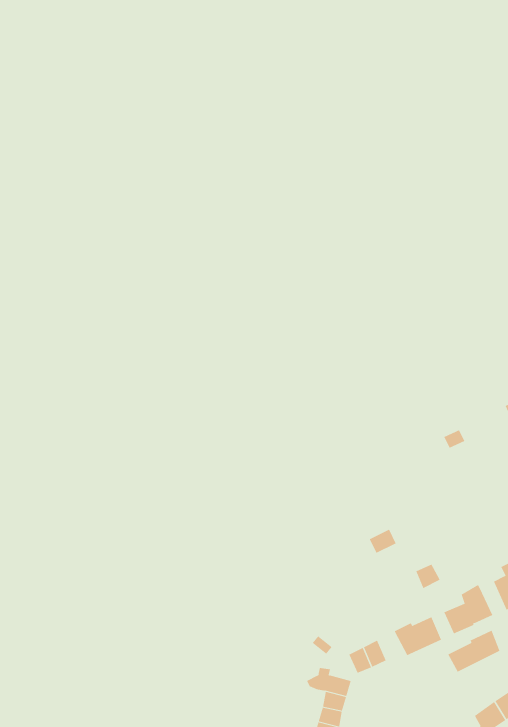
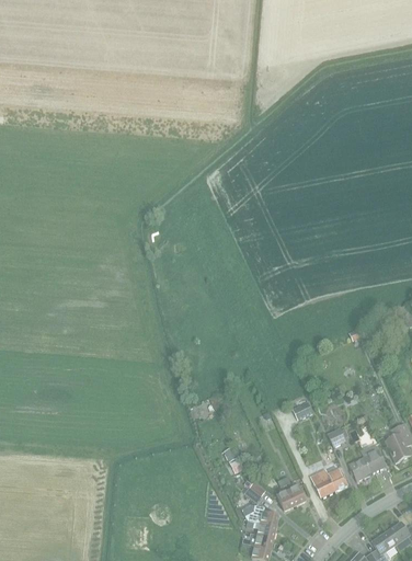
building: [448,630,500,673] -> none

